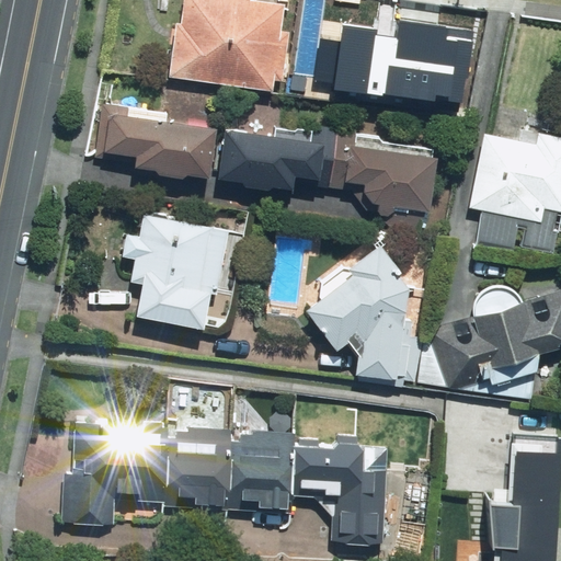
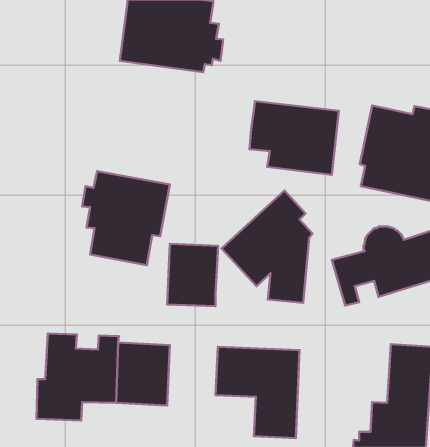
building: [320,20,482,110] -> none
building: [101,102,217,182] -> none
building: [219,124,337,195] -> none
building: [229,432,293,510] -> [167,244,218,306]

